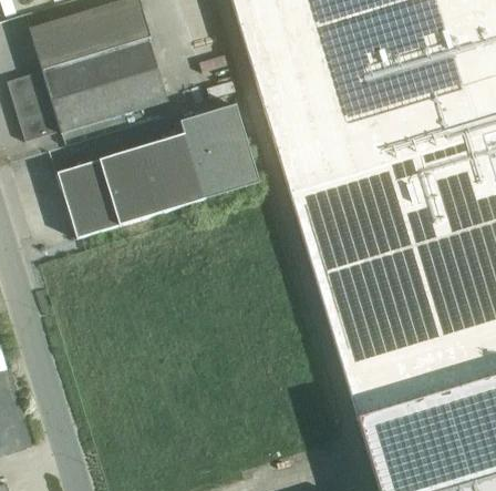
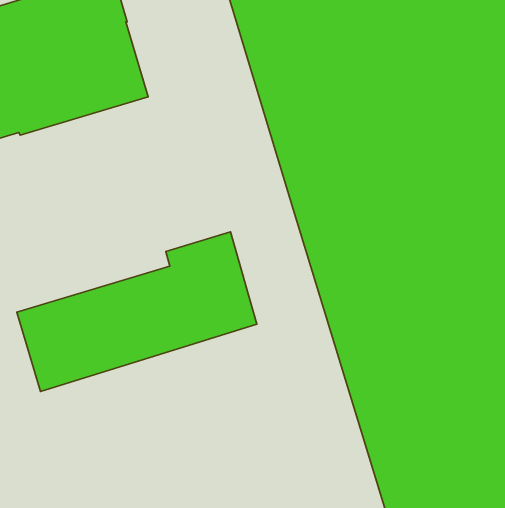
building: [58,104,259,238] -> [17,232,257,391]

